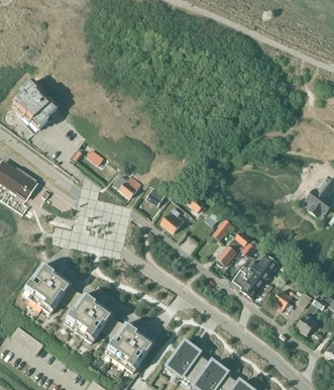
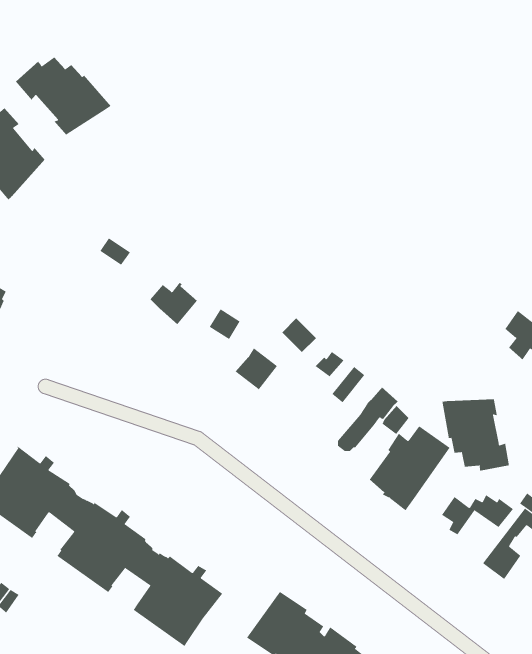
building: none -> [15,56,111,136]
building: none -> [442,398,509,471]

